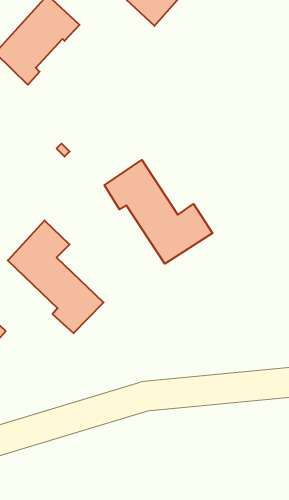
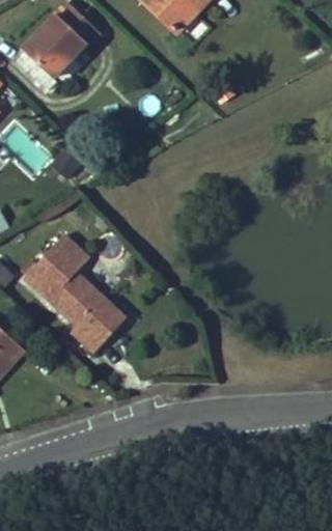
building: [104,160,213,264] -> none

